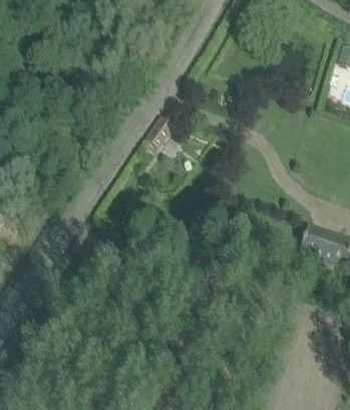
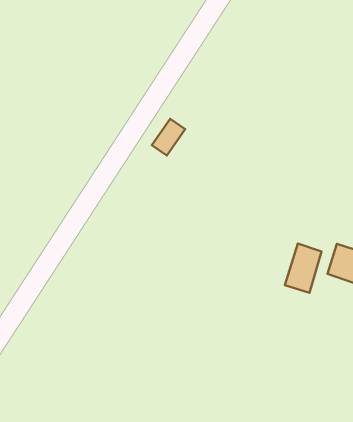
building: none -> [285,244,322,293]

